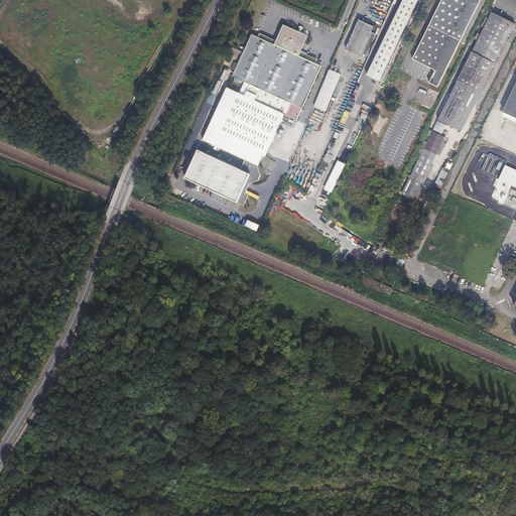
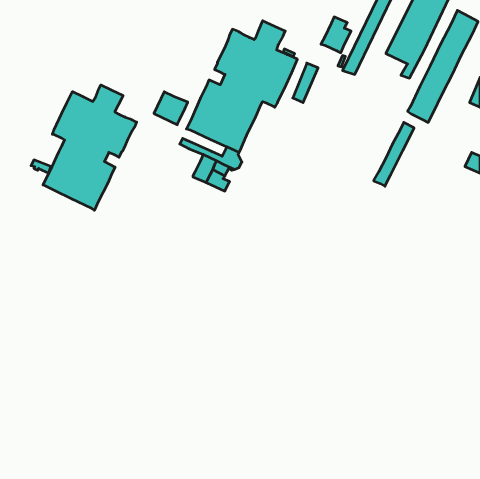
building: none -> [43,85,137,210]
building: [181,154,218,189] -> [154,92,188,125]

